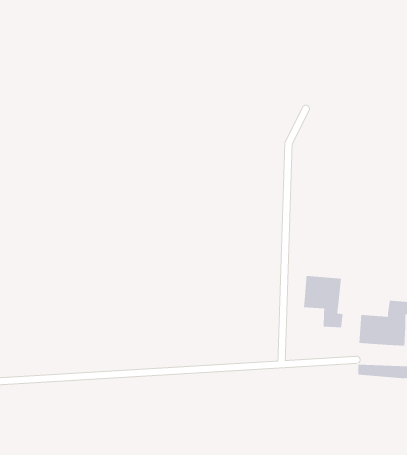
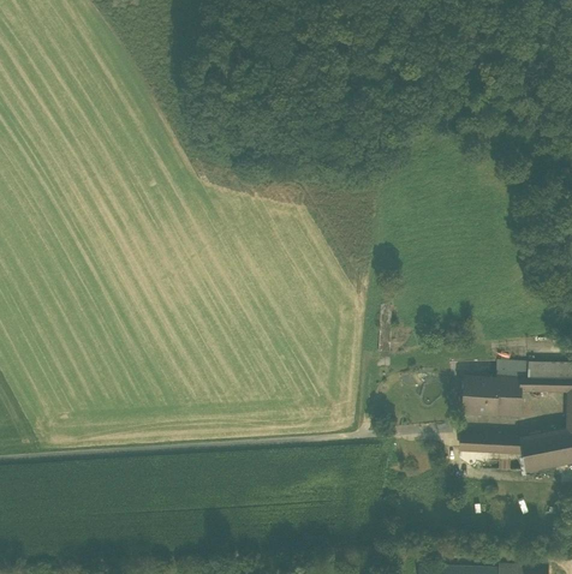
building: [303,275,344,328] -> none

